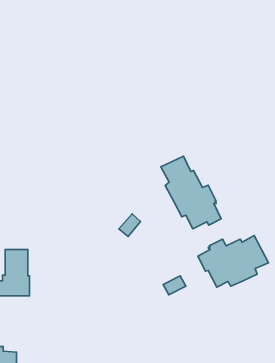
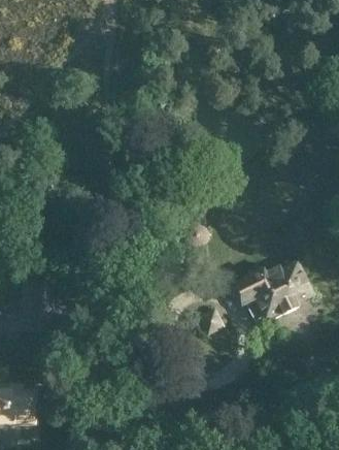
building: [161,156,221,229] -> none

